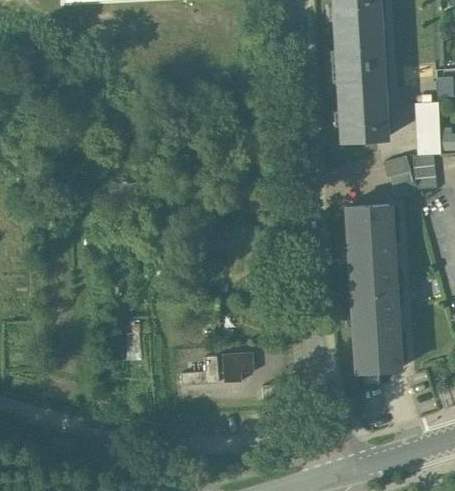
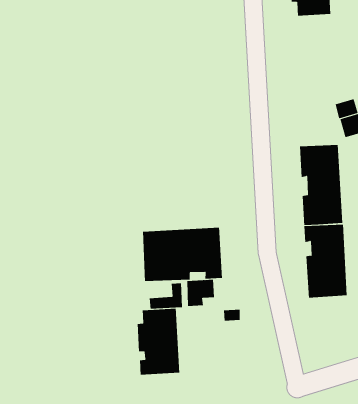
building: [339,64,385,141] -> none
building: none -> [143,227,223,282]
building: none -> [137,308,180,376]

